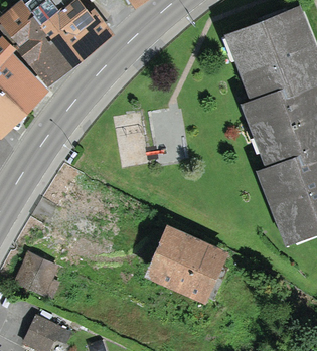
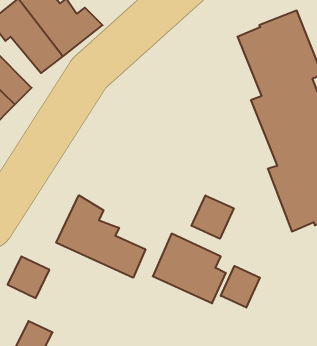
building: none -> [56,195,145,278]
building: none -> [192,195,234,239]
building: none -> [221,266,260,308]

